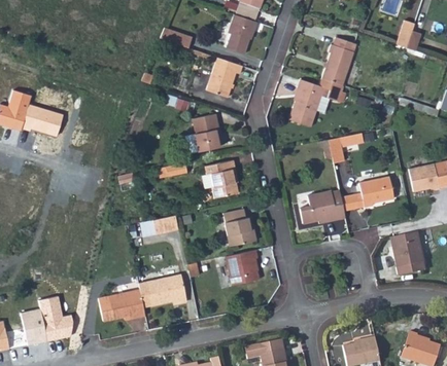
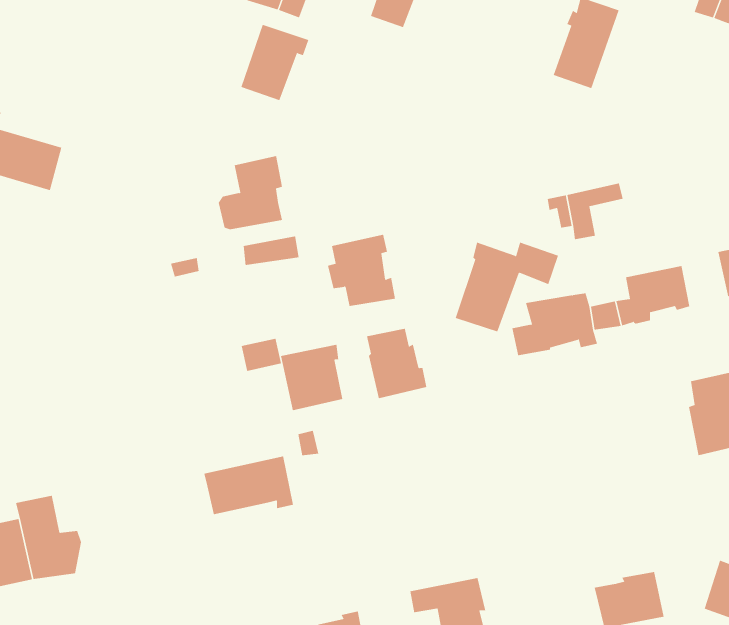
building: [206,56,242,96] -> [241,24,309,101]
building: [287,76,342,123] -> [455,242,559,332]
building: [185,113,219,152] -> [218,155,283,230]
building: [226,250,259,285] -> [280,344,343,411]
building: [99,289,144,320] -> none

